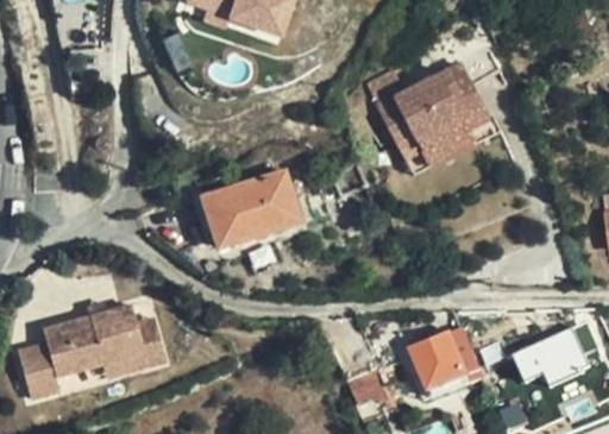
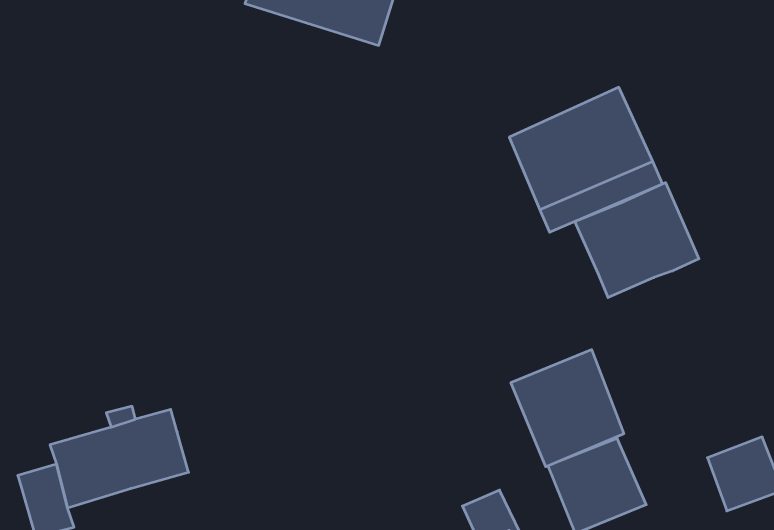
building: none -> [575,183,699,298]
building: [201,169,300,244] -> none
building: none -> [511,350,624,467]
building: [101,317,164,377] -> none

